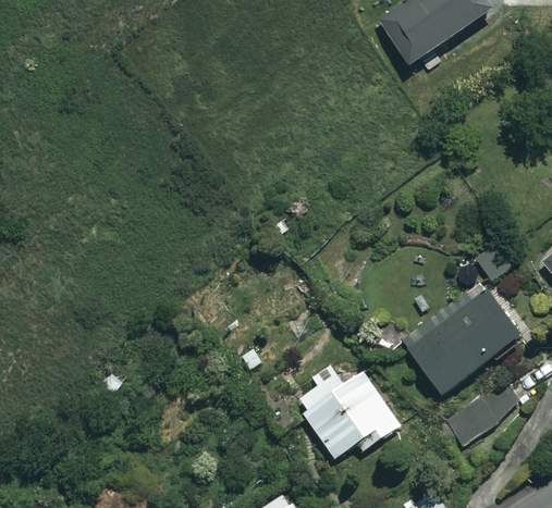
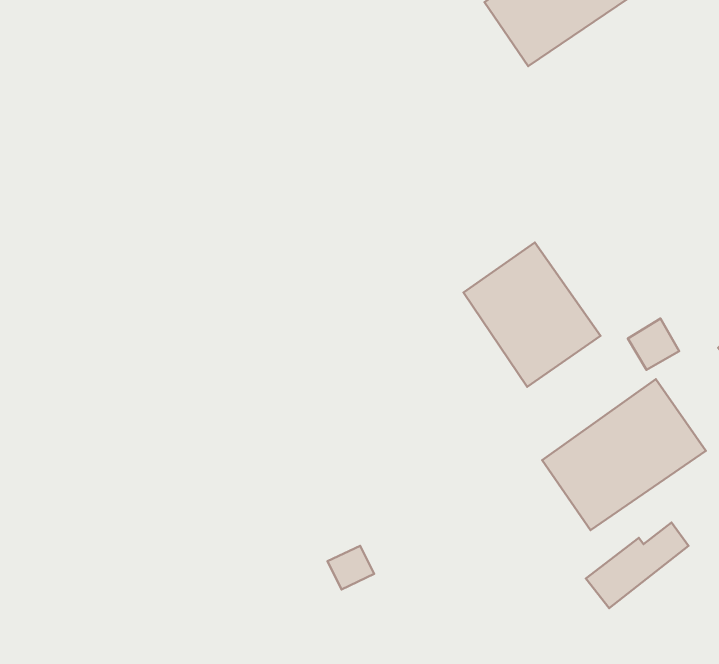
building: none -> [464,243,600,387]
building: [297,359,400,459] -> none

